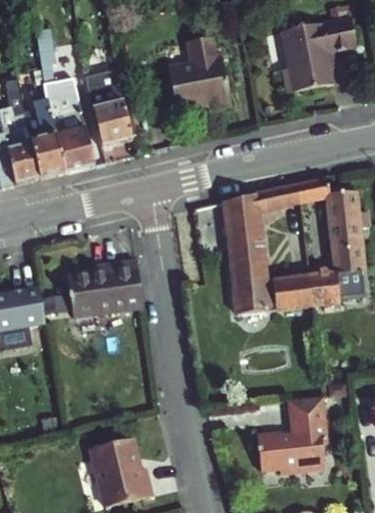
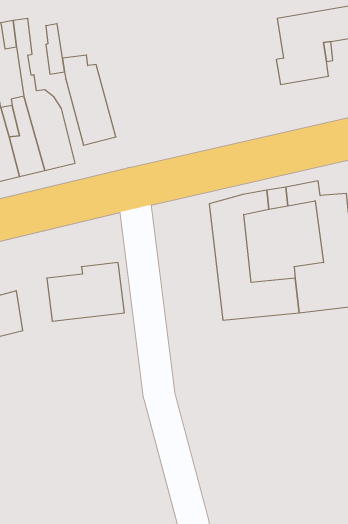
building: [177,32,236,104] -> none
building: [253,396,324,474] -> none
building: [85,435,146,503] -> none

